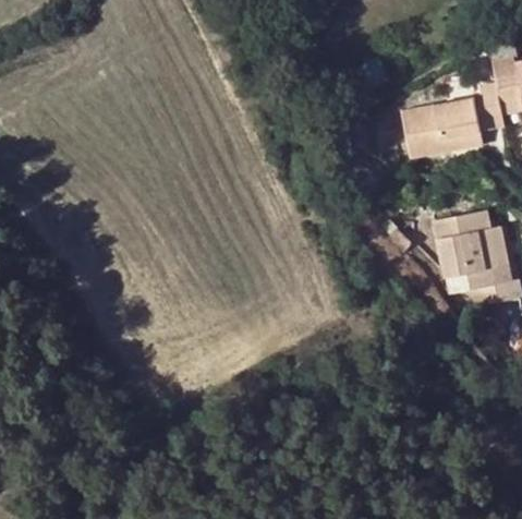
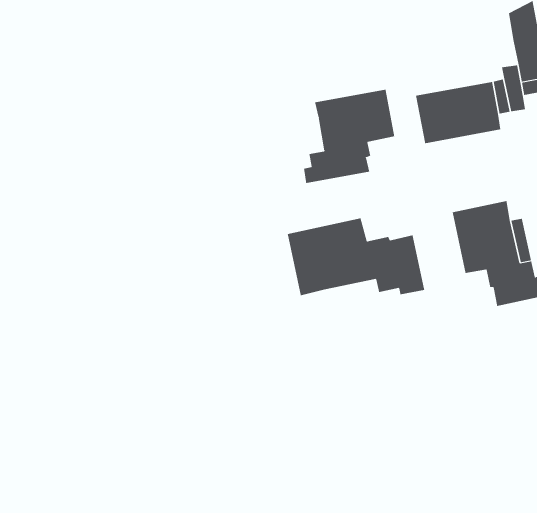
building: none -> [304,89,395,184]
building: none -> [287,217,425,296]

